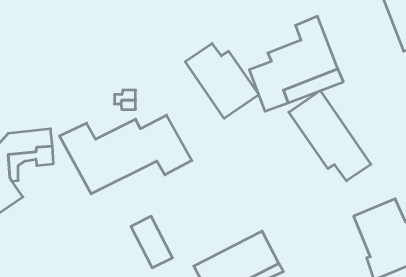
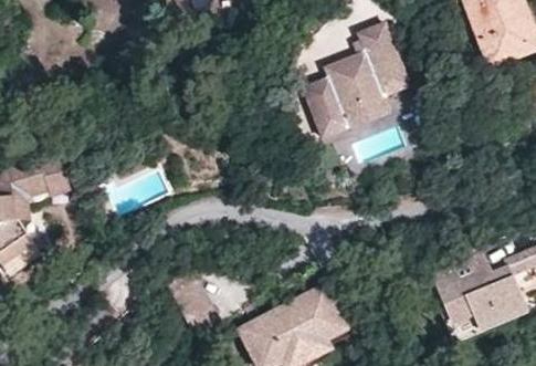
building: [185,43,259,118] -> none
building: [289,91,371,181] -> none
building: [59,115,192,194] -> none

